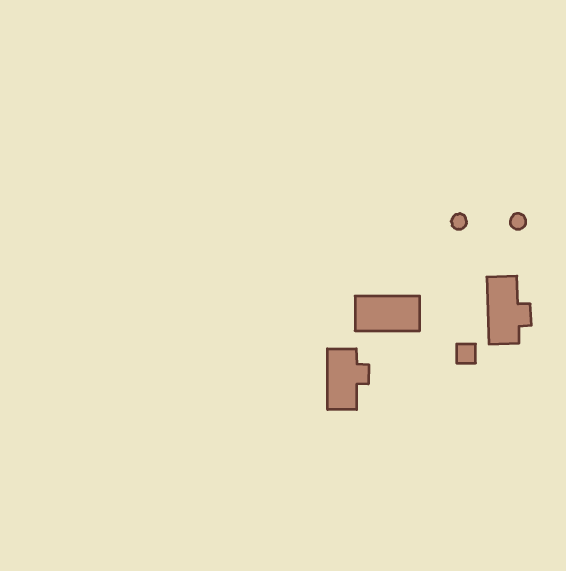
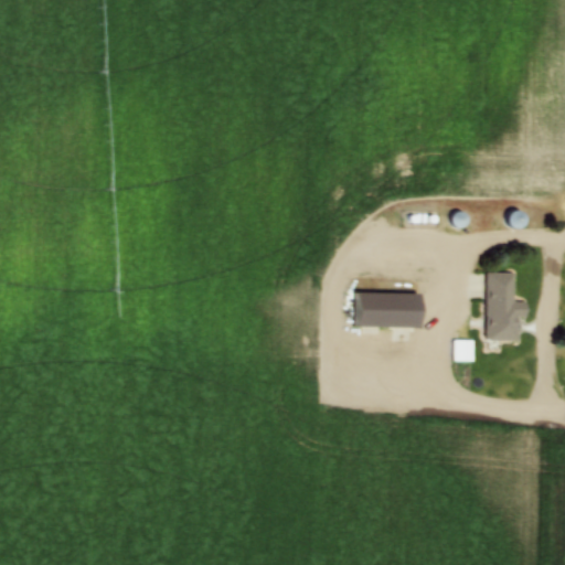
building: [327,349,369,410] -> none

